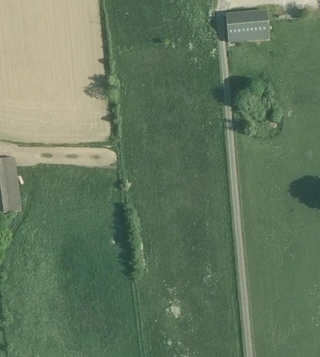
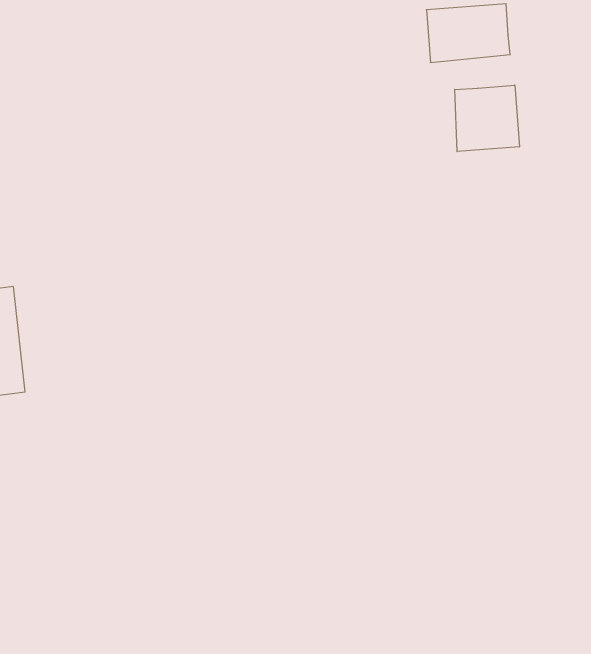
building: none -> [455,85,519,152]

